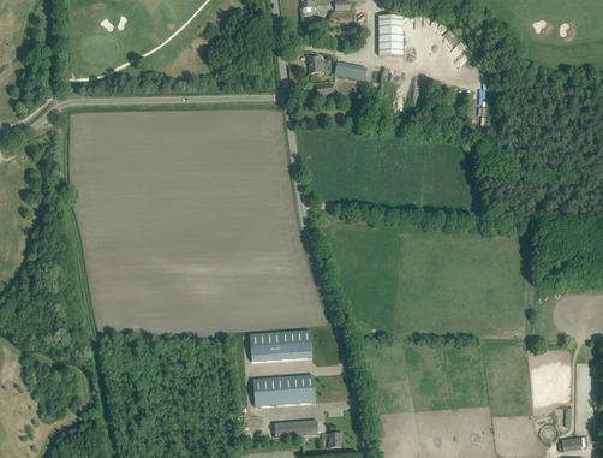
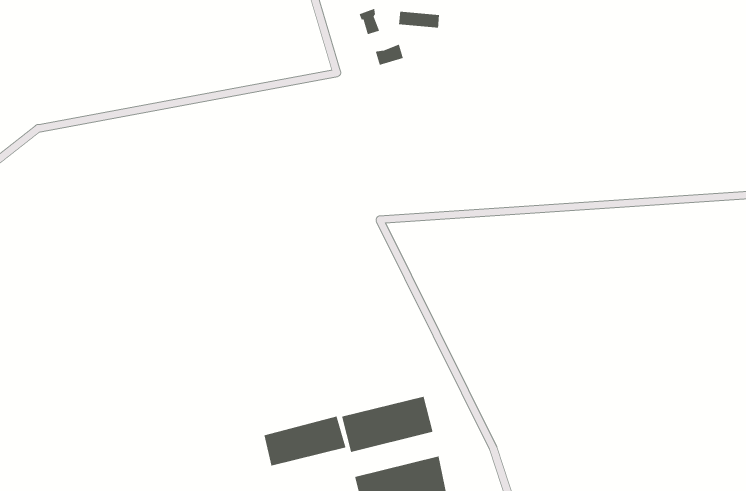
building: none -> [263,415,346,466]

